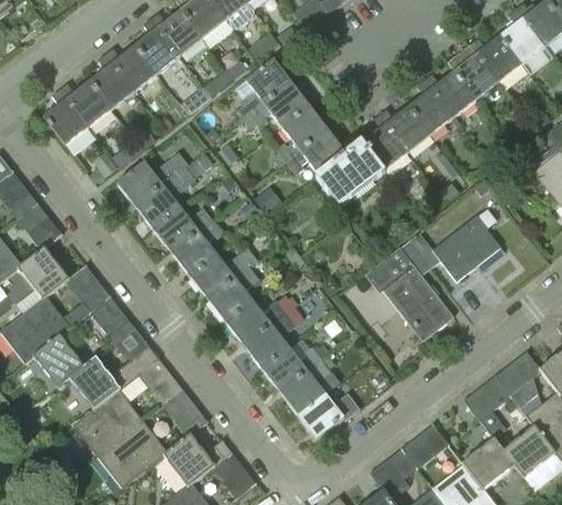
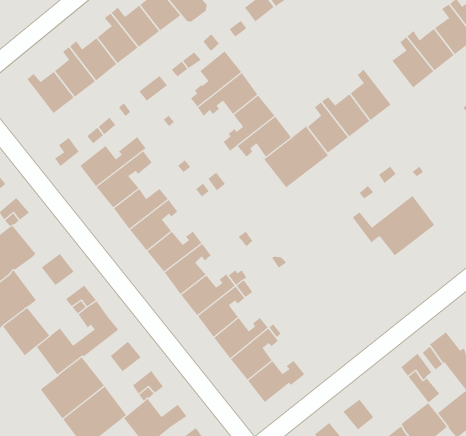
building: [424,70,476,117] -> none
building: [43,90,88,146] -> none
building: [364,239,453,341] -> none

